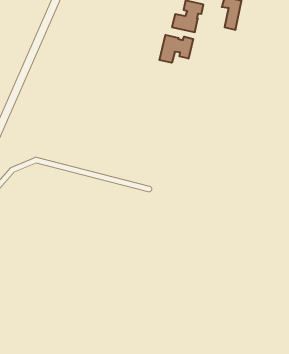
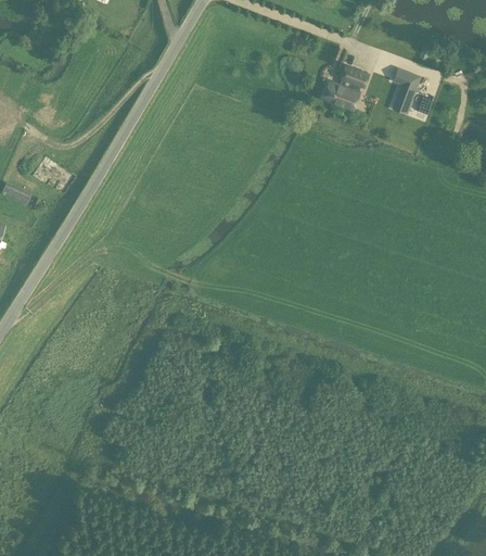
building: [159,35,193,63] -> none

